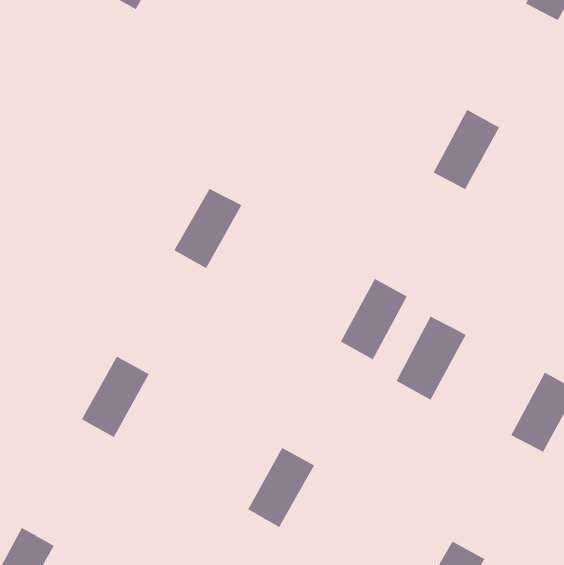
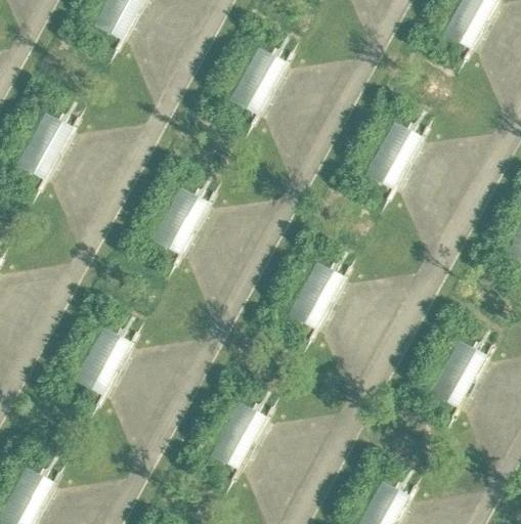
building: none -> [227,45,284,114]
building: none -> [14,112,71,179]
building: [396,316,467,401] -> none

